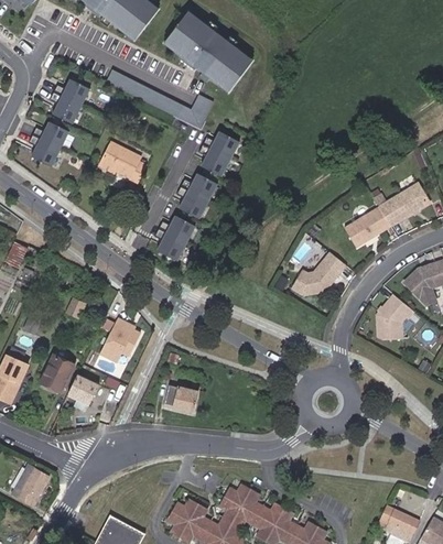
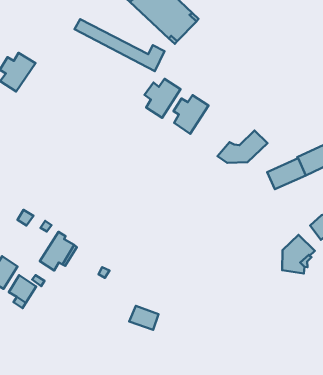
building: [48,76,88,121] -> none
building: [94,141,147,185] -> none
building: [177,174,217,219] -> [174,95,209,134]
building: [155,216,195,261] -> none
building: [291,252,347,293] -> [217,130,268,163]
building: [164,385,197,411] -> [129,306,159,330]

